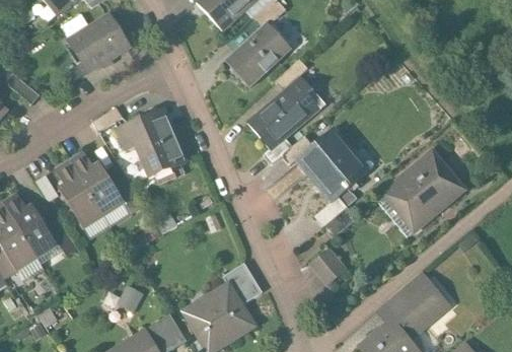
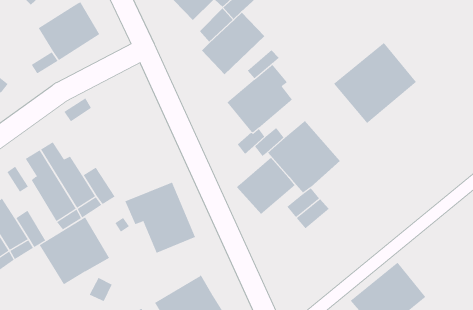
building: [117,110,188,181] -> [125,182,196,253]
building: [380,152,463,233] -> [333,42,417,124]
building: none -> [236,157,296,215]
building: none -> [39,217,110,285]
building: [308,249,345,285] -> none
building: [222,266,259,303] -> none

